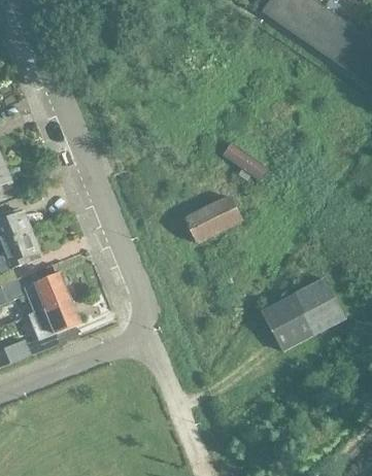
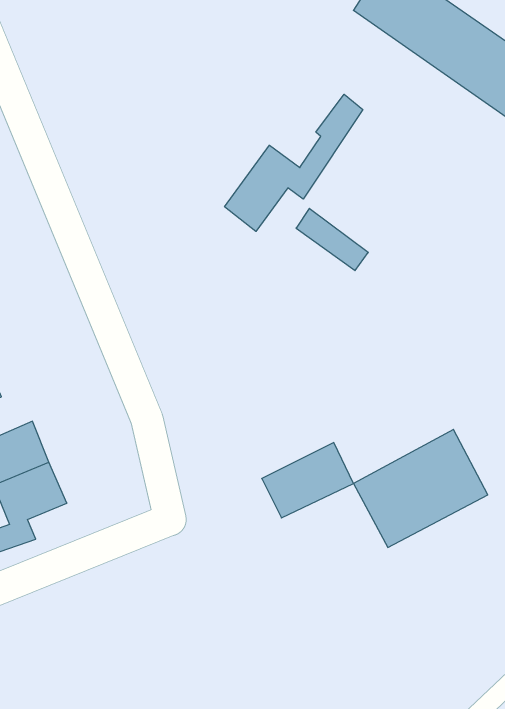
building: none -> [225,94,363,231]
building: [183,196,241,243] -> [262,443,353,518]

